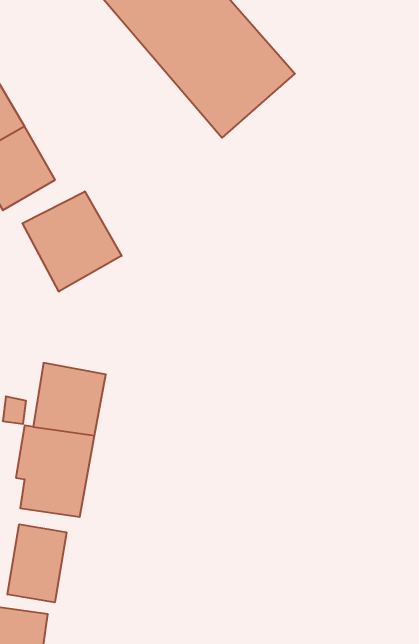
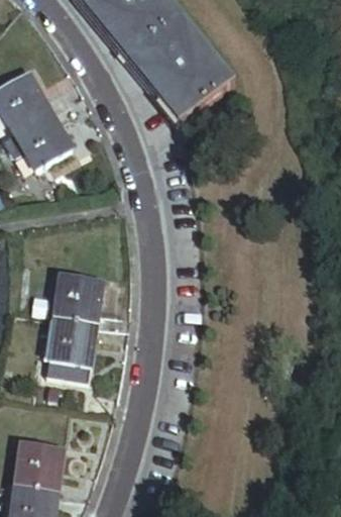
building: [22,191,122,292] -> none
building: [8,524,66,602] -> none

